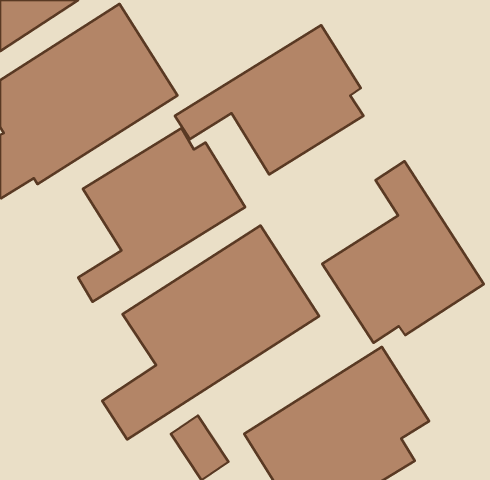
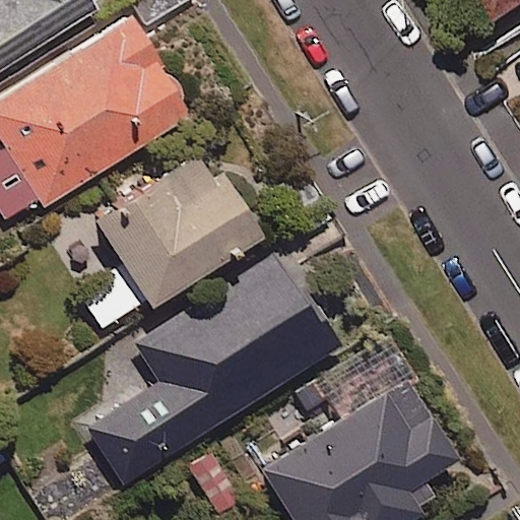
building: [175,25,363,174] -> none
building: [322,161,484,343] -> none

